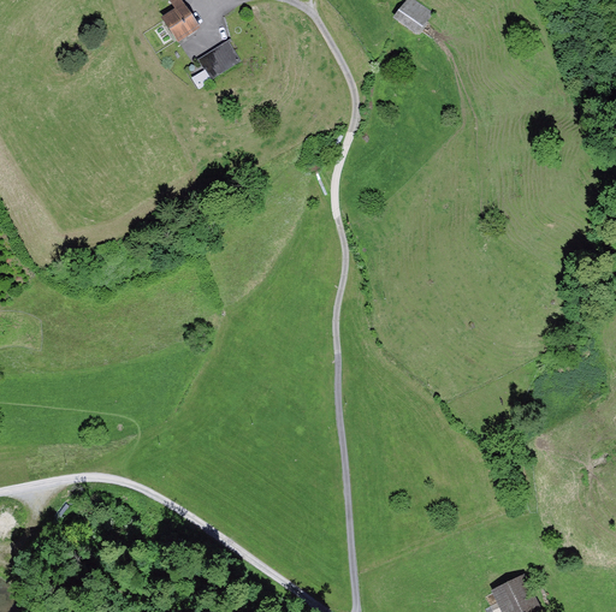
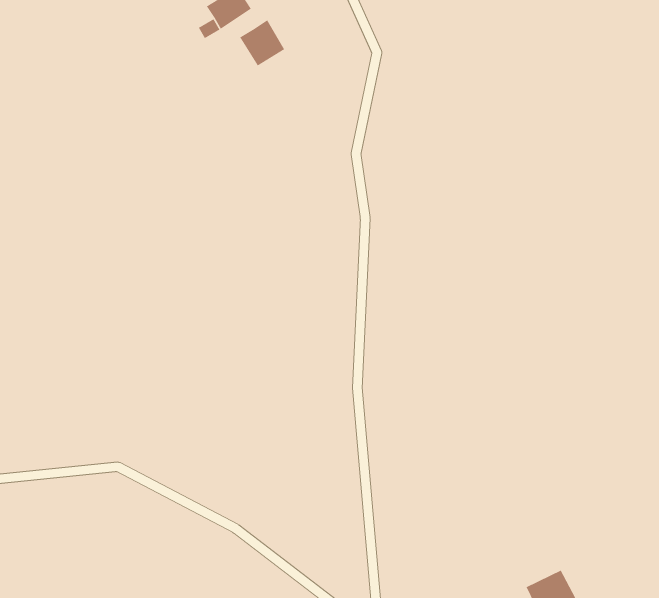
building: none -> [239,19,285,66]

